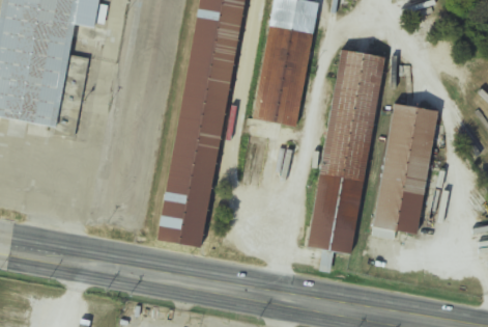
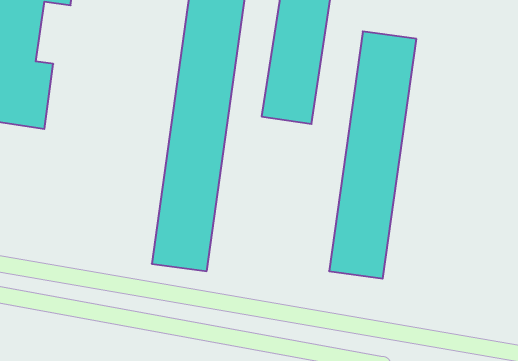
building: [374,103,437,240] -> none

